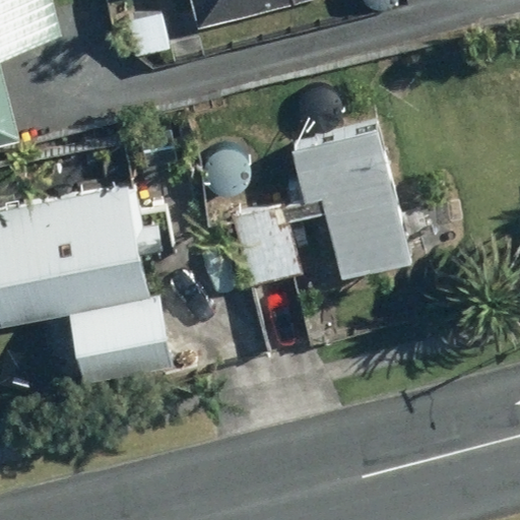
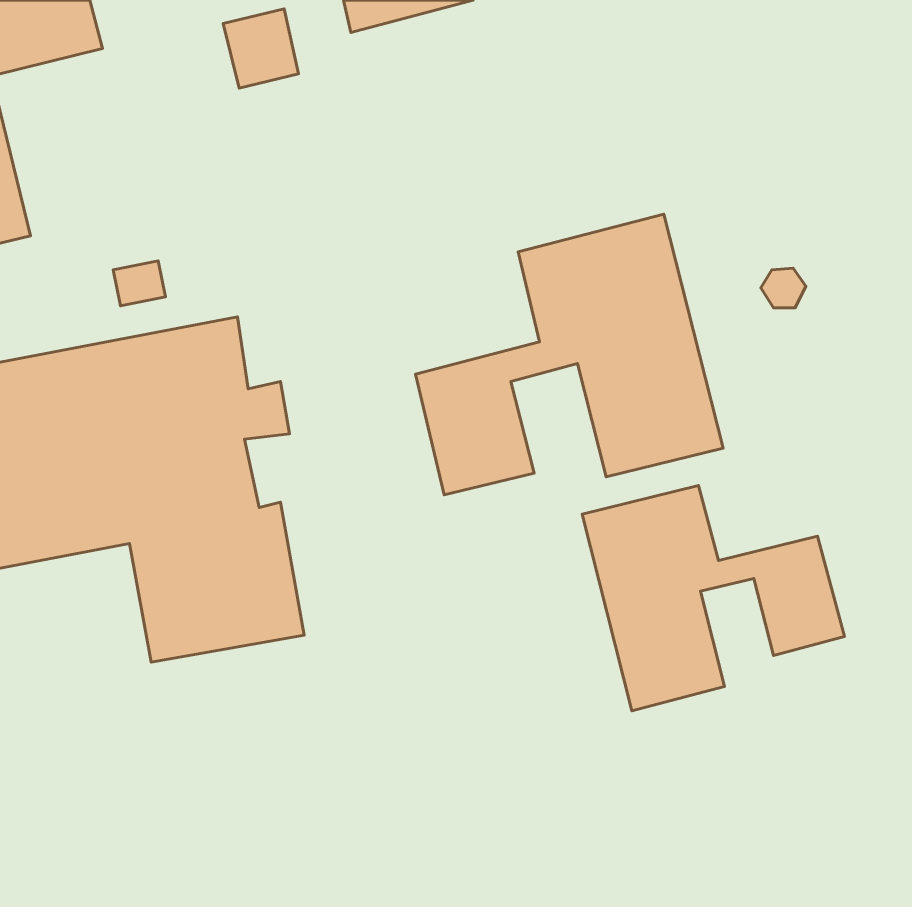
building: none -> [582,485,844,711]

